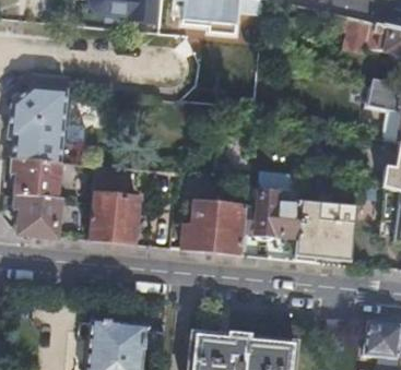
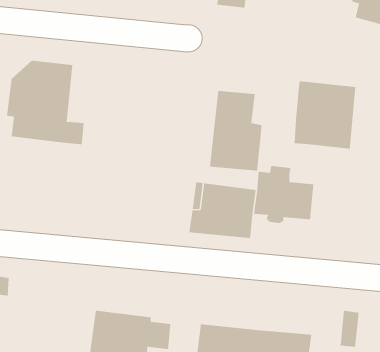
building: [11,156,59,234] -> none
building: [87,165,138,241] -> [209,90,262,171]
building: [296,199,355,263] -> [294,81,356,149]

